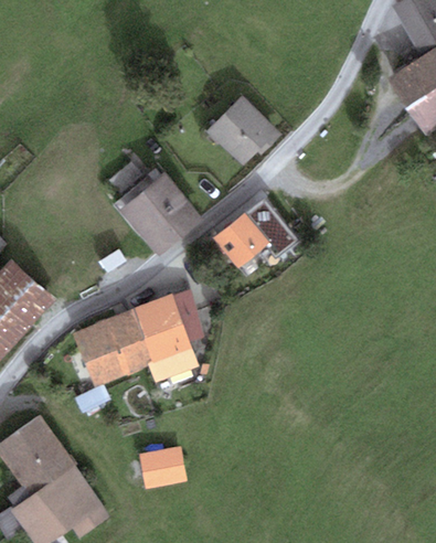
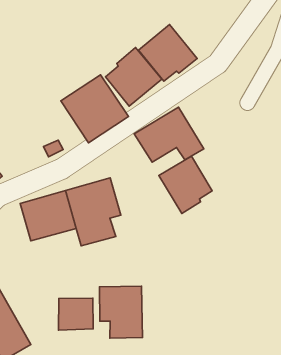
building: none -> [105,48,162,106]
building: none -> [159,156,212,214]
building: none -> [99,286,142,338]

